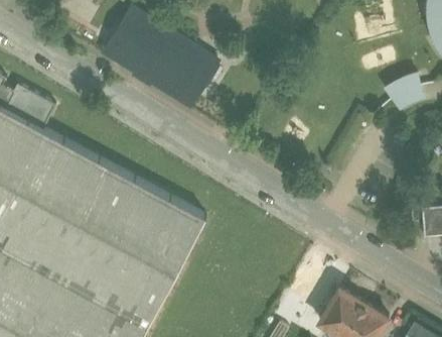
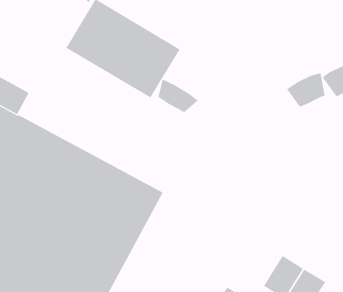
building: none -> [286,73,325,107]
building: none -> [158,79,199,113]

